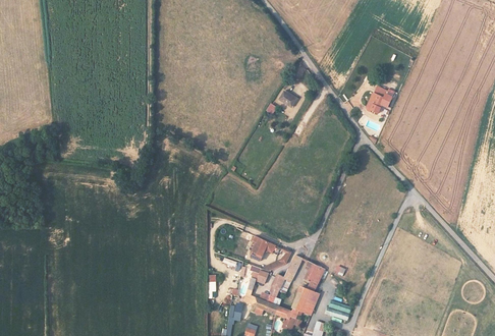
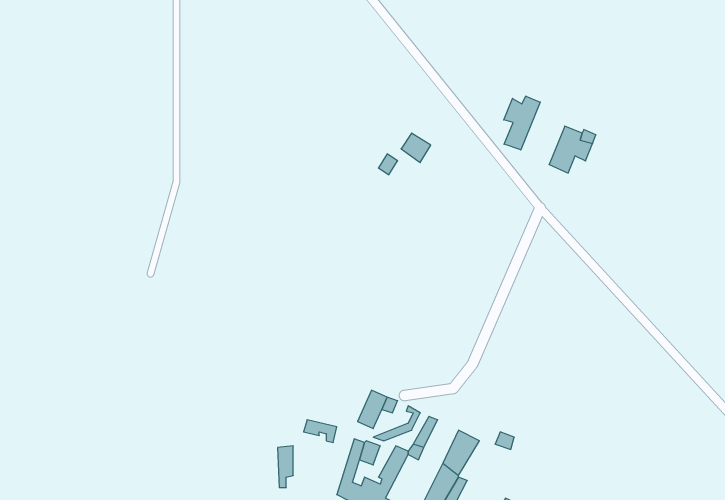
building: none -> [504,96,540,150]

